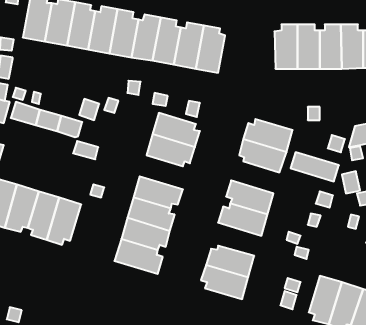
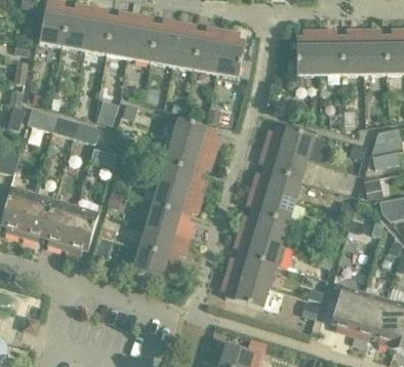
building: none -> [158,162,206,197]
building: none -> [251,168,300,201]
building: none -> [234,231,282,264]

